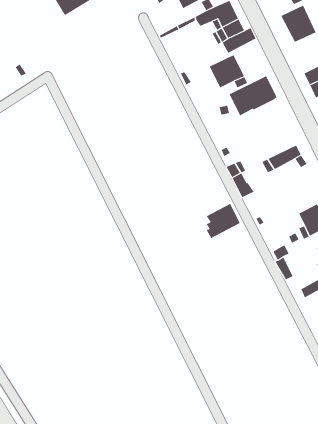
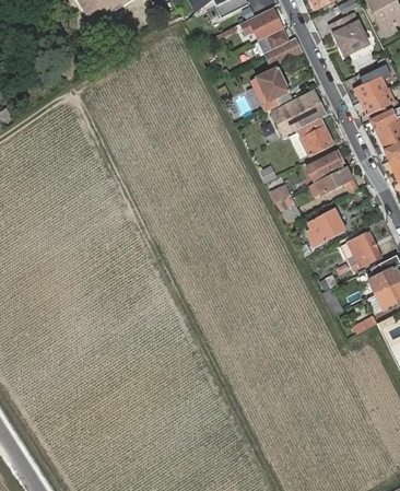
building: none -> [299,117,334,155]
building: none -> [306,149,344,179]
building: [206,203,241,239] -> [308,208,346,247]

